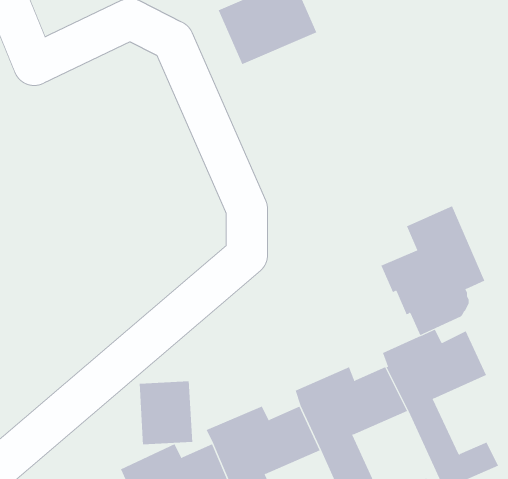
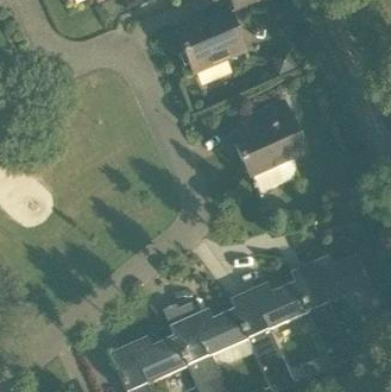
building: [381,206,485,336] -> [233,101,305,191]
building: [139,381,193,445] -> none

